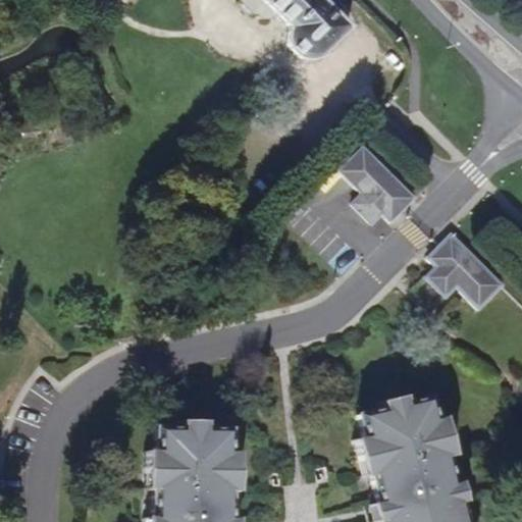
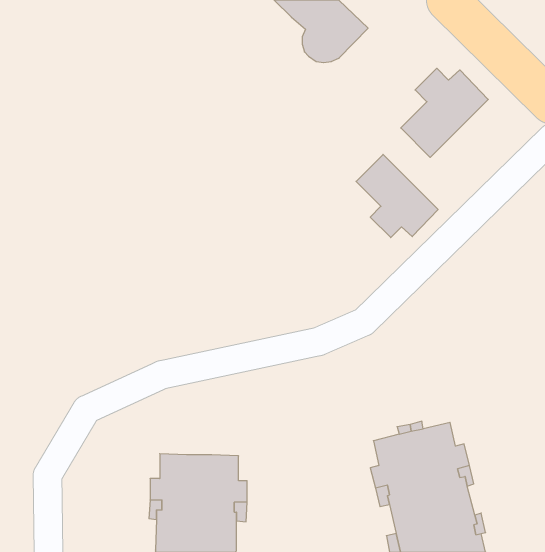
building: none -> [401,68,488,157]
building: [429,232,508,310] -> none

